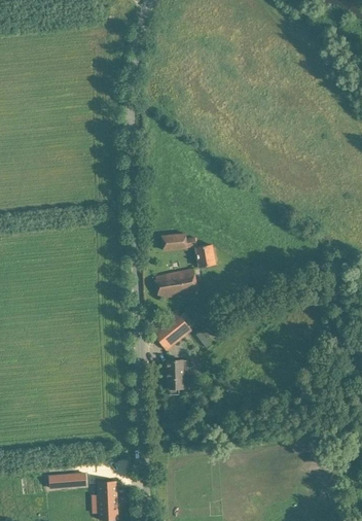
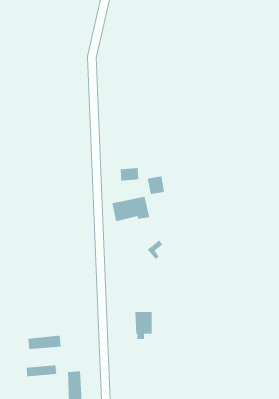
building: [151,311,191,349] -> none
building: [167,359,188,393] -> [135,311,152,339]
building: none -> [28,335,61,350]

